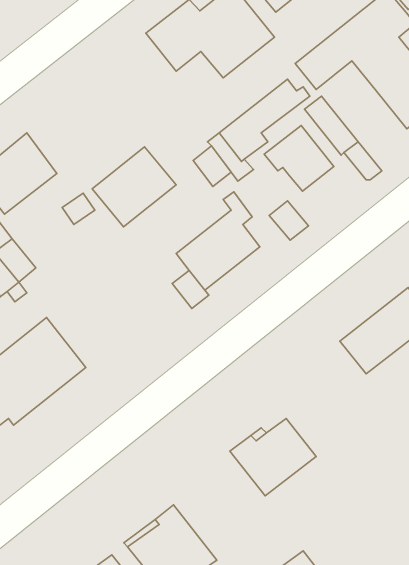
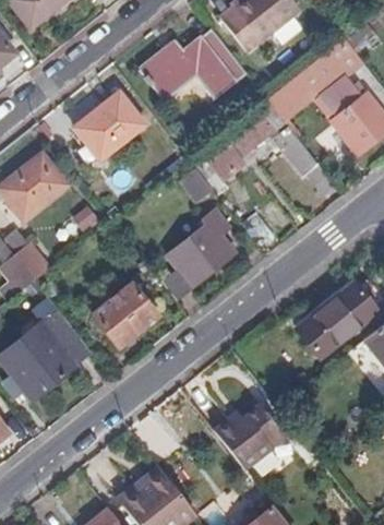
building: [264,126,334,191] -> none
building: [92,147,176,227] -> [74,97,144,164]
building: none -> [89,285,153,347]

